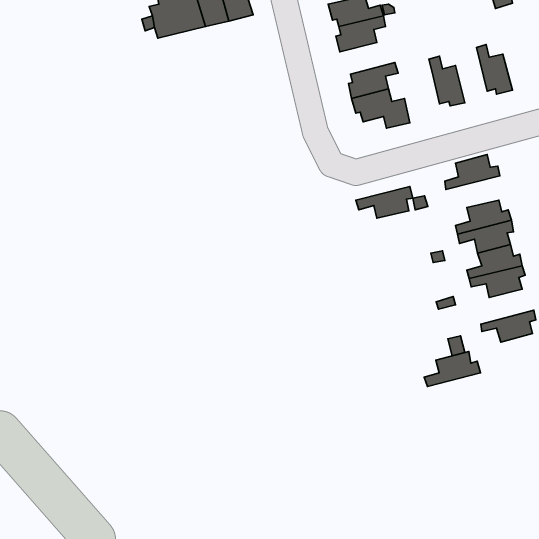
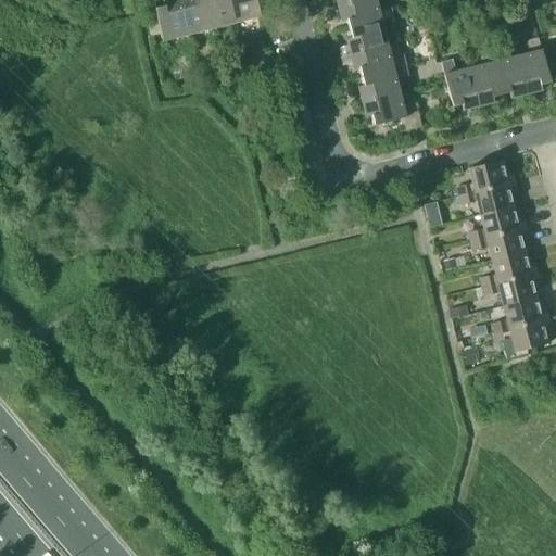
building: none -> [518,36,551,92]
building: none -> [351,43,407,76]
building: none -> [469,49,502,105]
building: [356,186,413,218] -> [459,180,518,213]
building: [424,352,480,387] -> [492,296,549,332]

